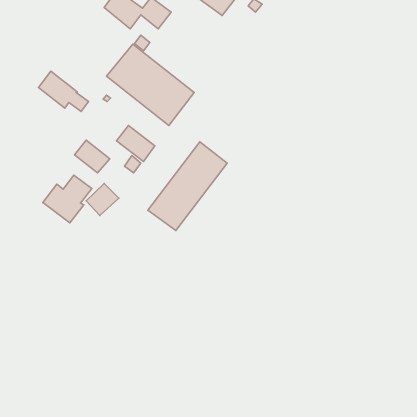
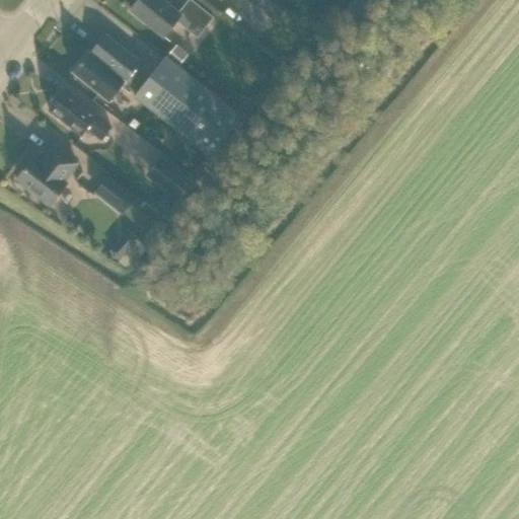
building: none -> [71,32,138,99]
building: [148,142,227,230] -> none
building: [43,175,92,223] -> [14,145,75,204]

